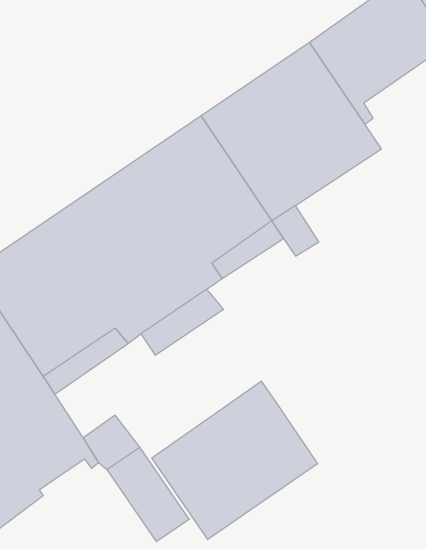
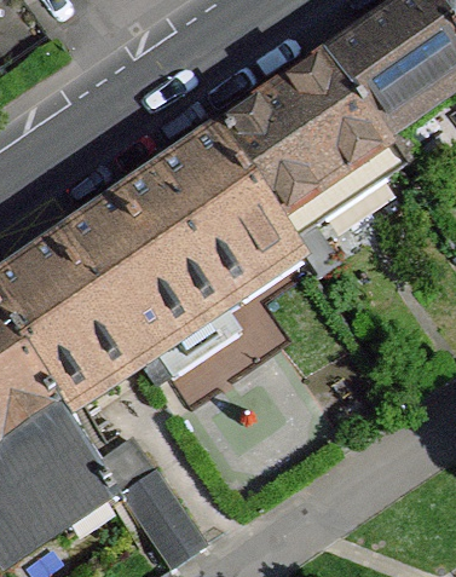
building: [152,381,318,540] -> none

